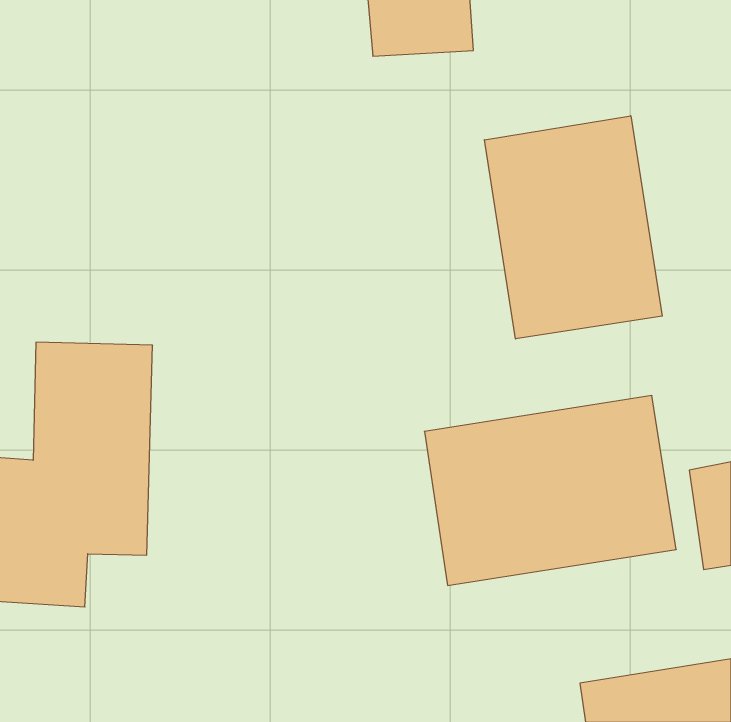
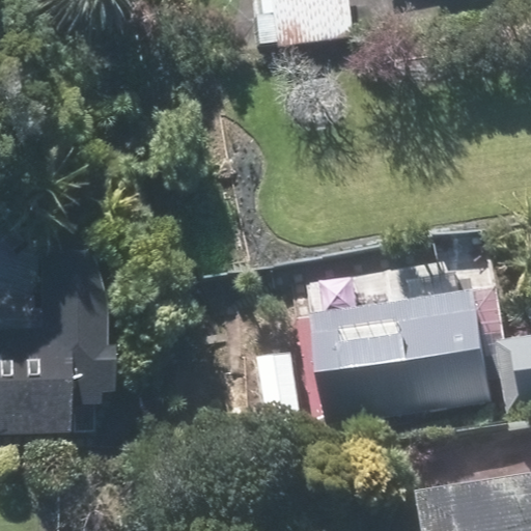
building: [484,116,662,339] -> none

